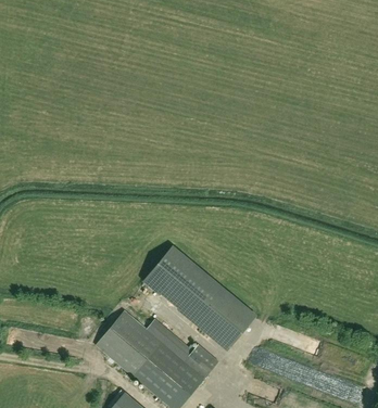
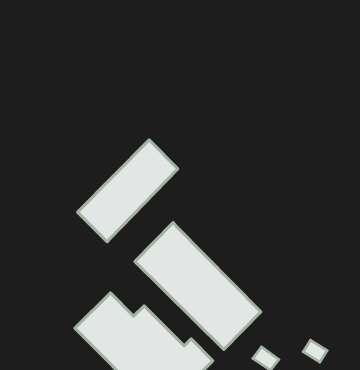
building: none -> [77,140,178,242]

